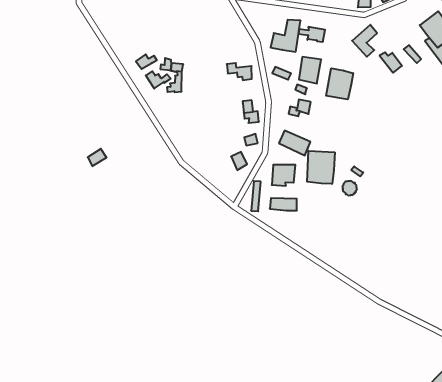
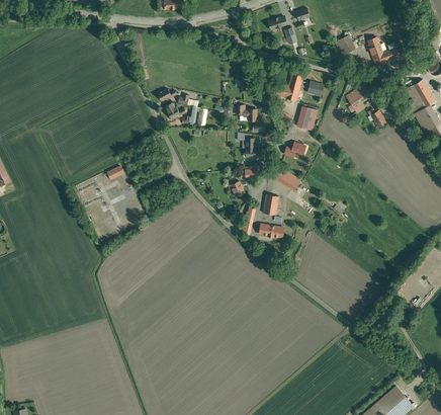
building: [326,68,353,99] -> none
building: [307,151,335,184] -> none

